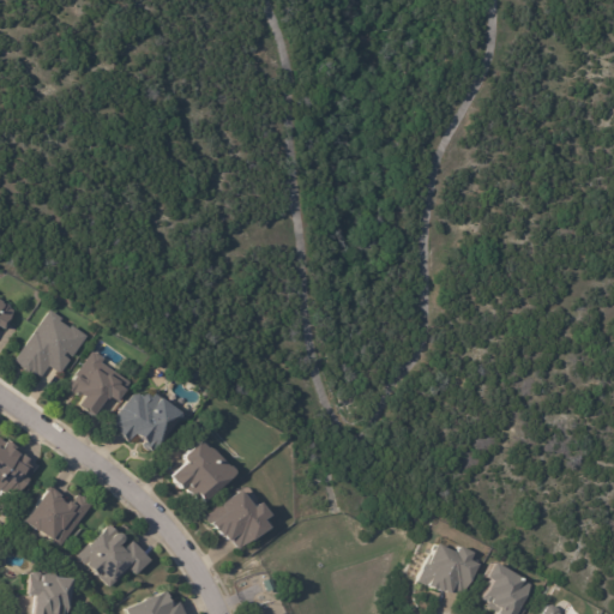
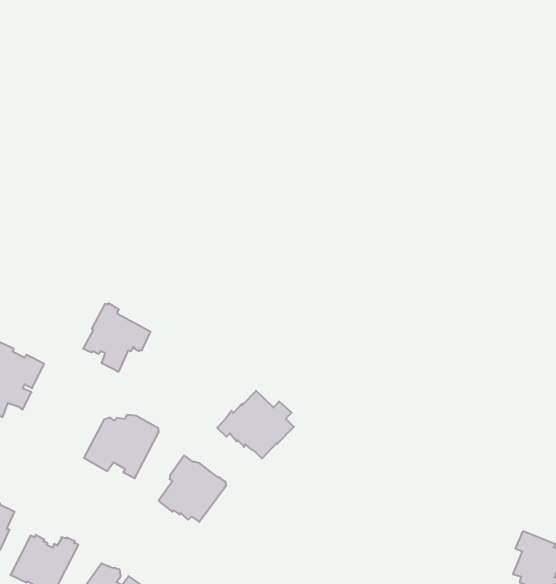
building: [66,353,130,416] -> [83,303,151,372]
building: [203,488,272,550] -> [217,391,294,459]
building: [421,541,482,595] -> none

